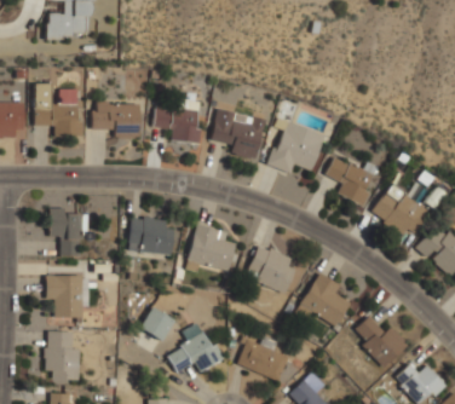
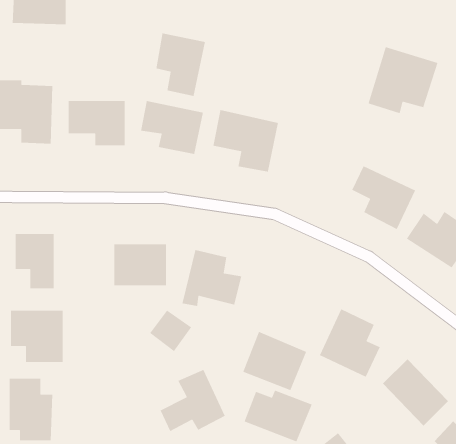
building: none -> [156,32,206,97]
building: [269,119,327,174] -> [368,46,438,114]
building: [246,243,299,293] -> [242,331,307,391]
building: [140,306,175,341] -> [149,309,192,352]

